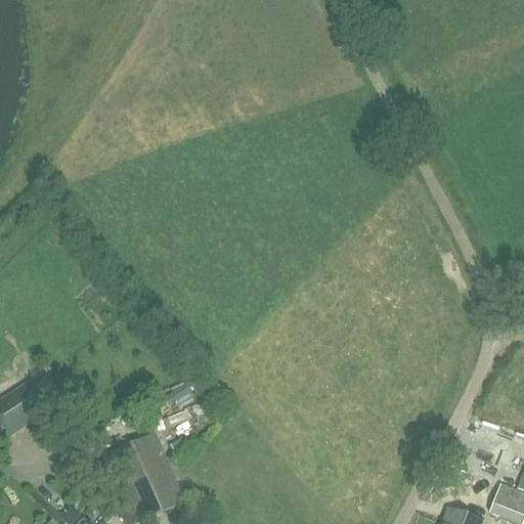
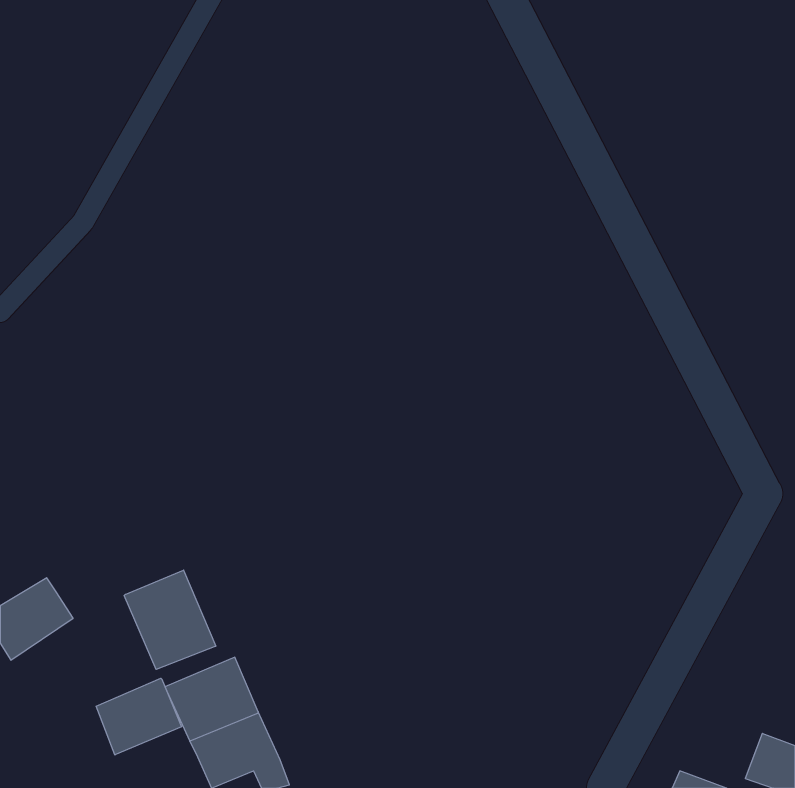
building: none -> [124,570,216,669]
building: none -> [96,678,182,755]

